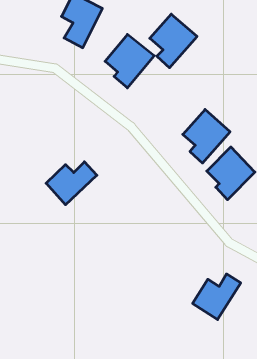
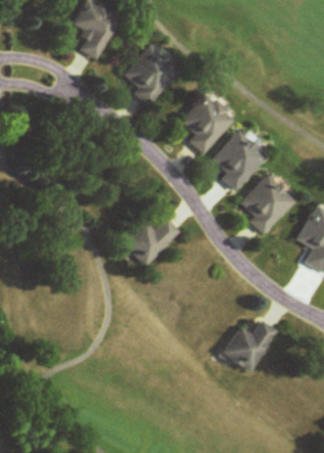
building: [150,14,197,68] -> [178,94,232,155]
building: [46,162,97,205] -> [122,218,180,267]

